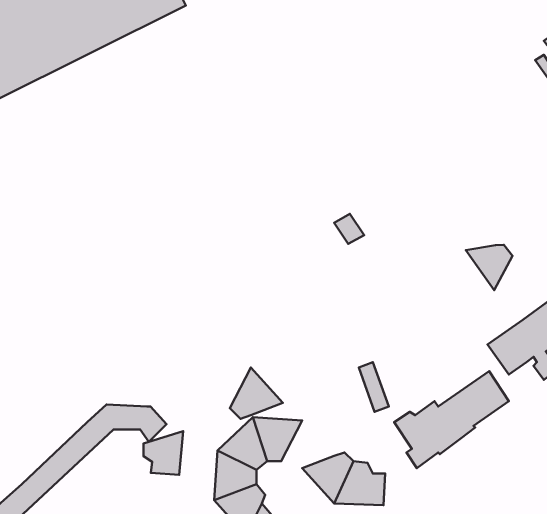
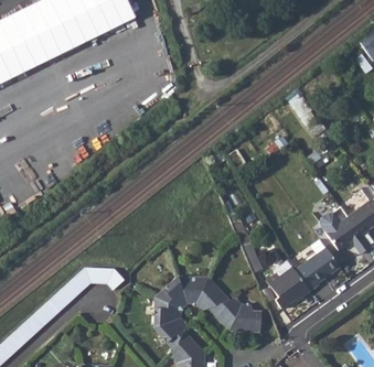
building: [466,245,512,290] -> none
building: [230,368,283,419] -> [195,278,228,310]
building: [143,431,183,475] -> none

